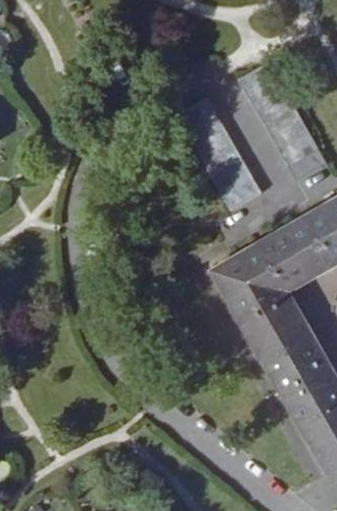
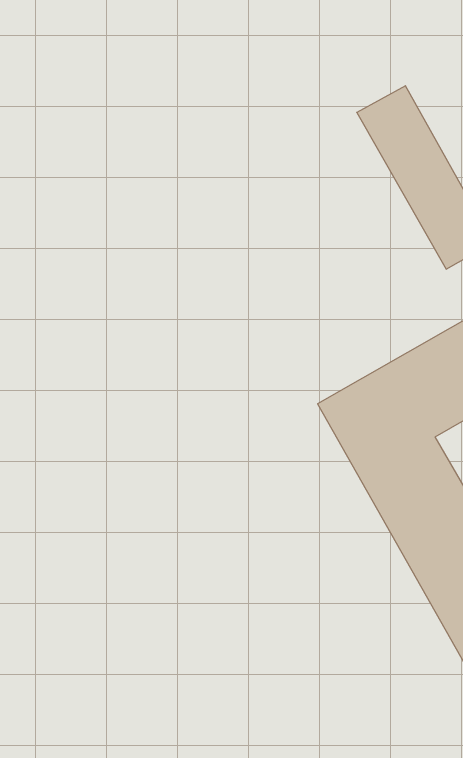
building: [176,97,261,211] -> none

